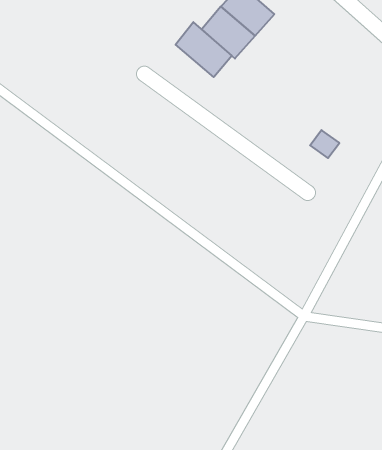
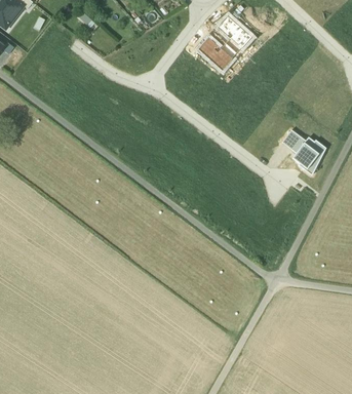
building: [176,22,232,77] -> none
building: none -> [292,136,323,173]

